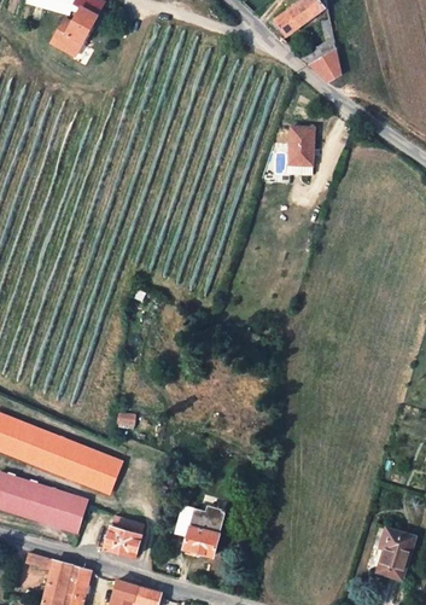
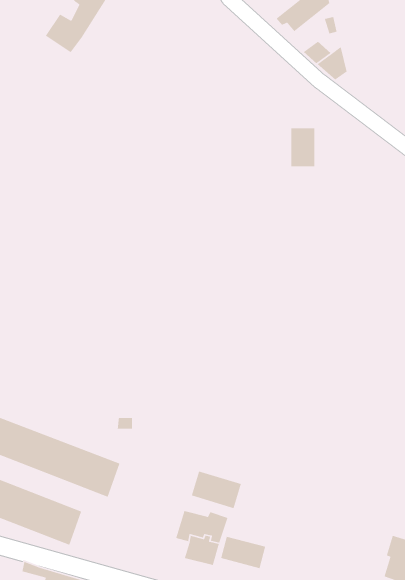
building: none -> [191,470,242,509]
building: [97,514,141,557] -> none
building: none -> [220,536,266,569]

